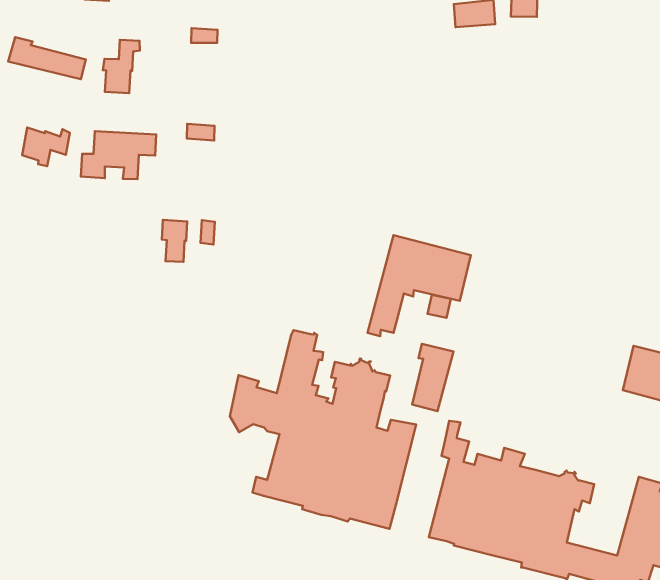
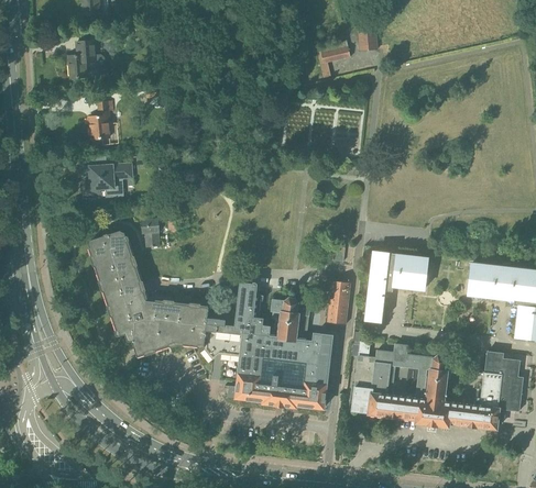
building: [8,37,86,79] -> none
building: [22,127,70,166] -> none
building: none -> [89,230,209,356]
building: [368,235,471,336] -> [365,251,428,320]

